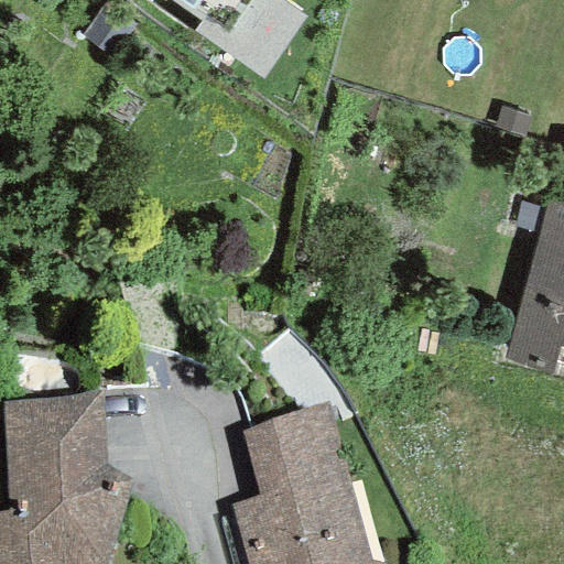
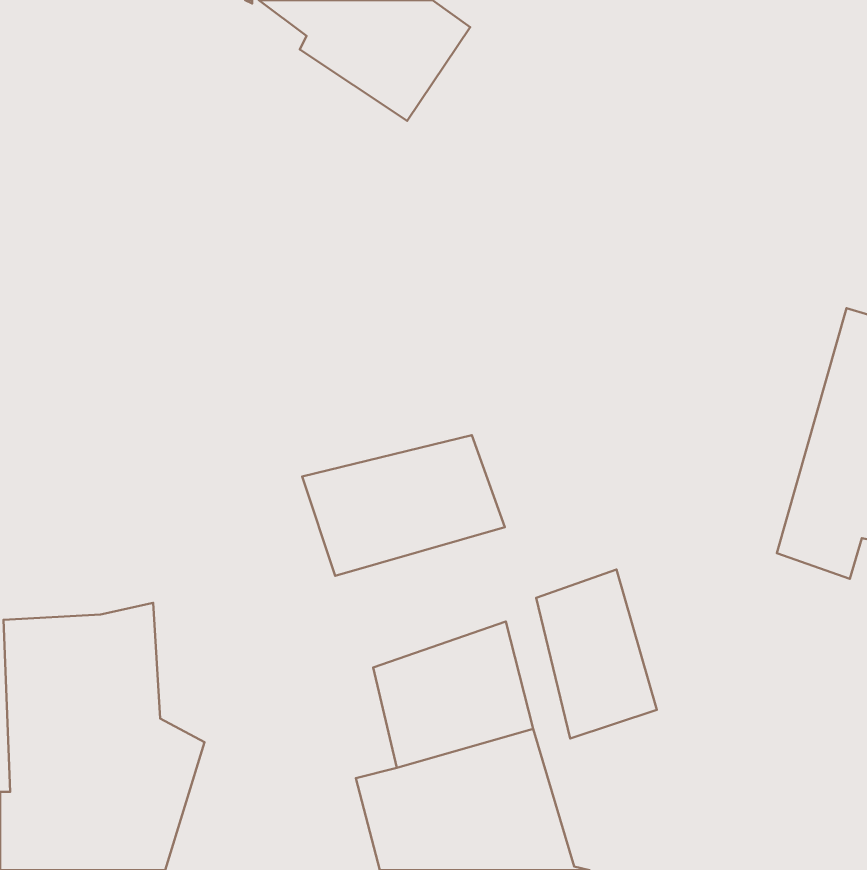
building: none -> [302,435,505,576]
building: none -> [536,569,657,738]

